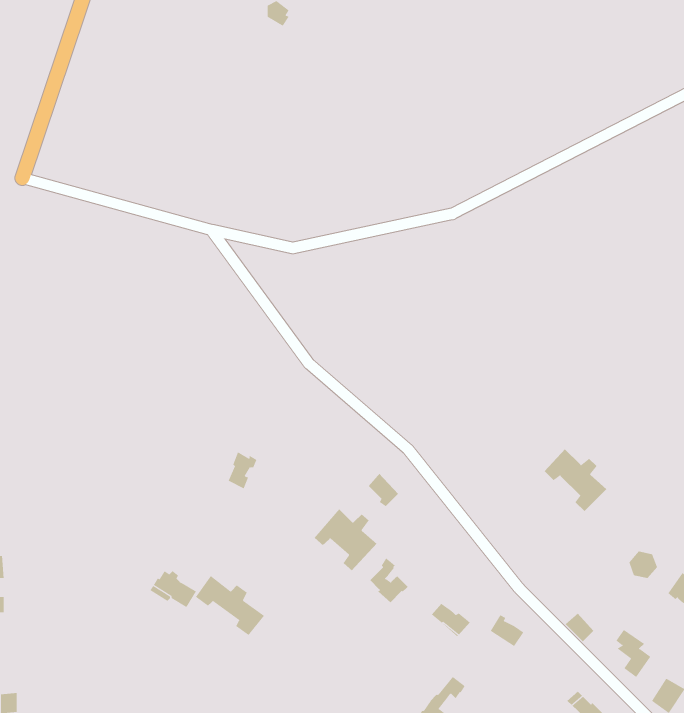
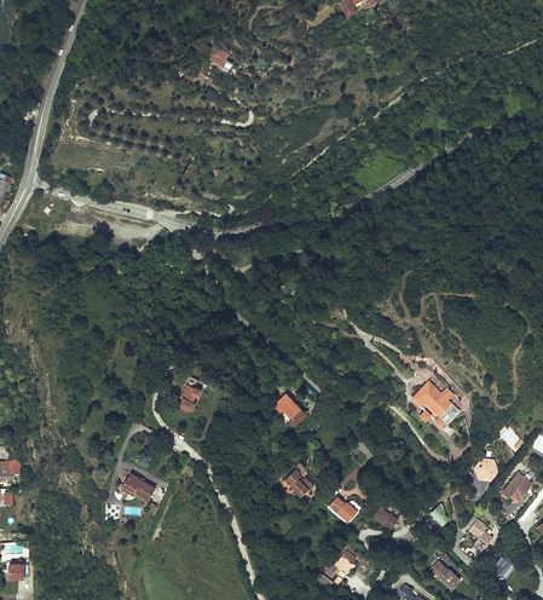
building: [314,508,378,571] -> none
building: [195,575,265,636] -> none

